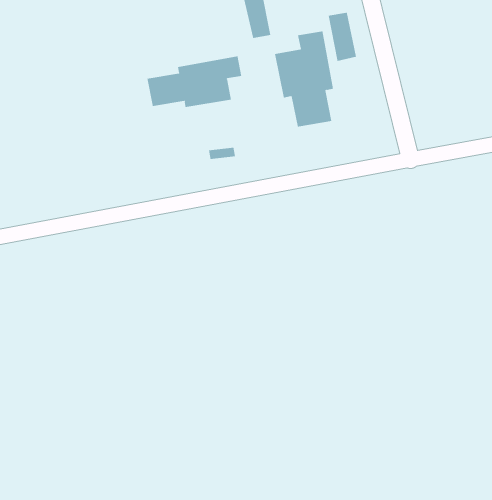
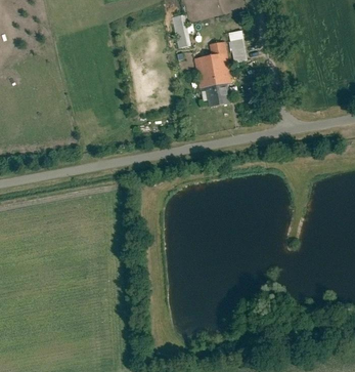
building: [147,55,242,108] -> none

